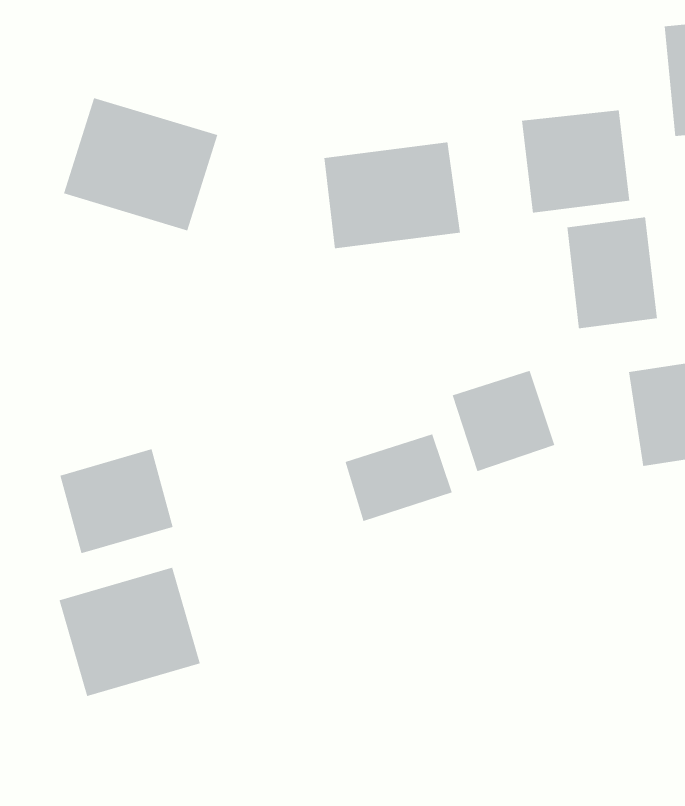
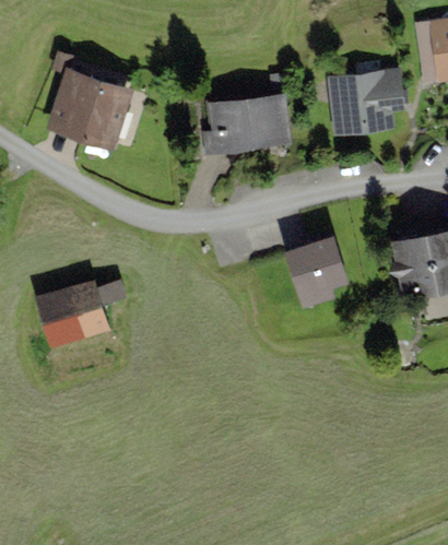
building: [567,217,657,329] -> none
building: [345,434,453,522] -> none
building: [59,567,200,697] -> none

